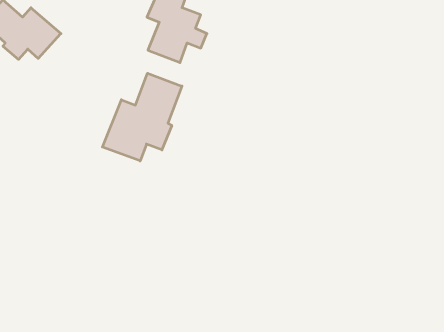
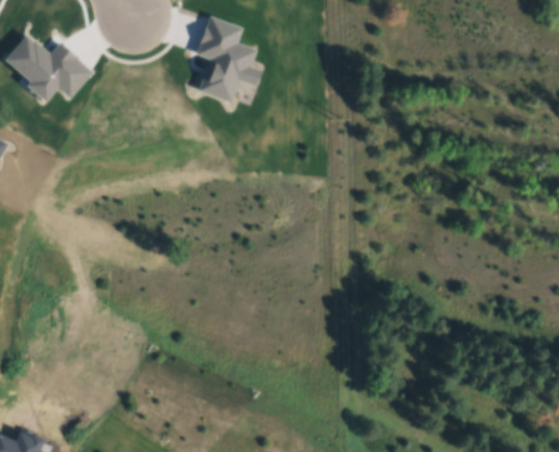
building: [102,73,182,161] -> none

